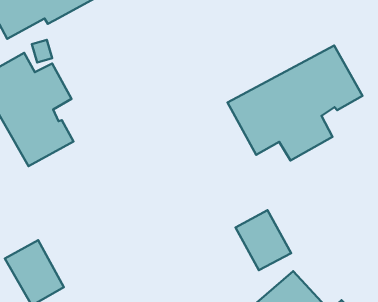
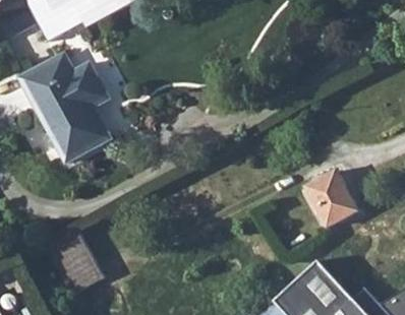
building: [227,45,363,160] -> none
building: [235,210,291,270] -> [305,173,358,230]

